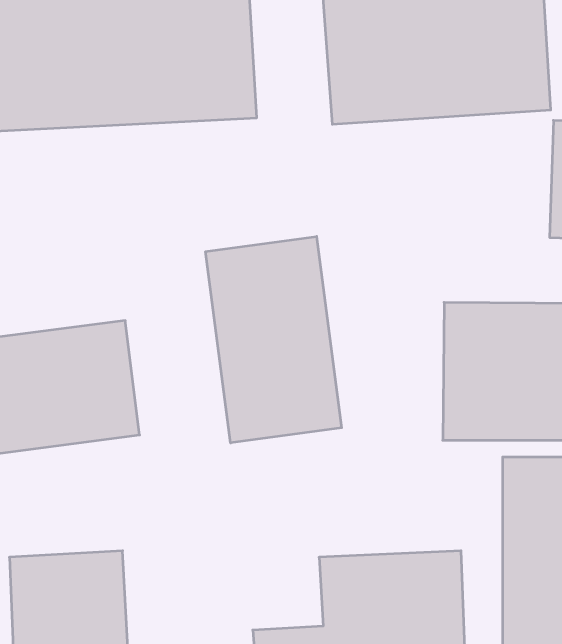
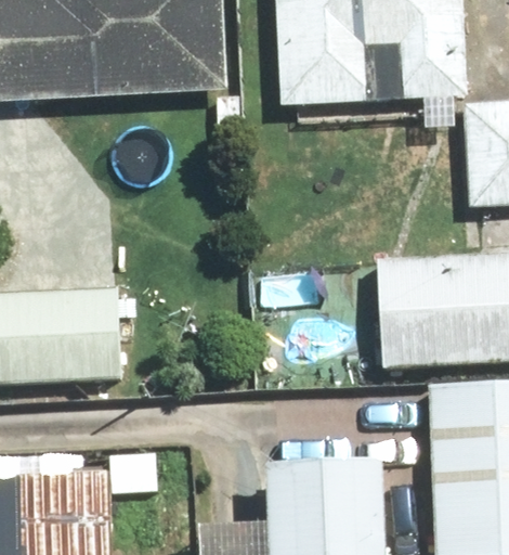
building: [206,236,342,443] -> none

